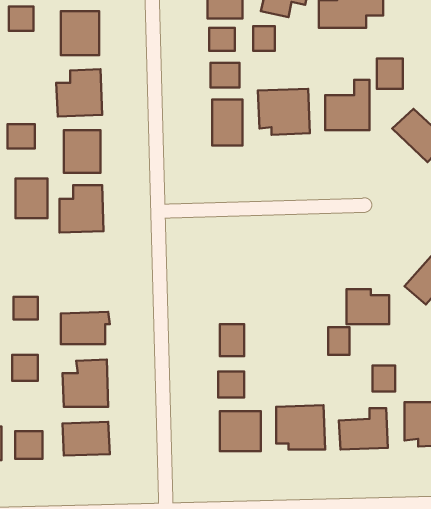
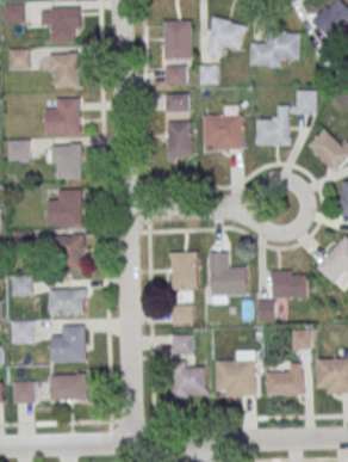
building: [16,178,48,218] -> [58,235,83,266]
building: none -> [170,252,197,289]
building: none -> [209,252,247,296]

